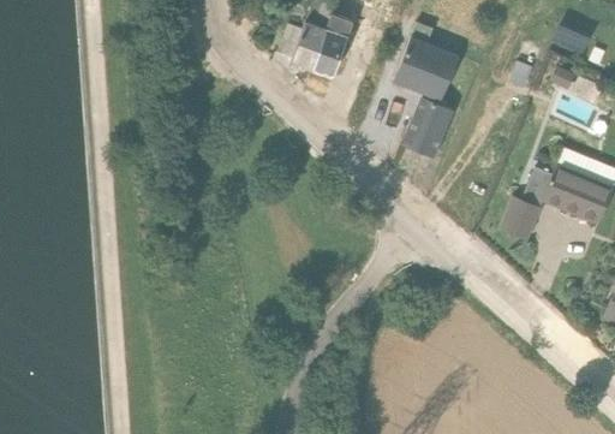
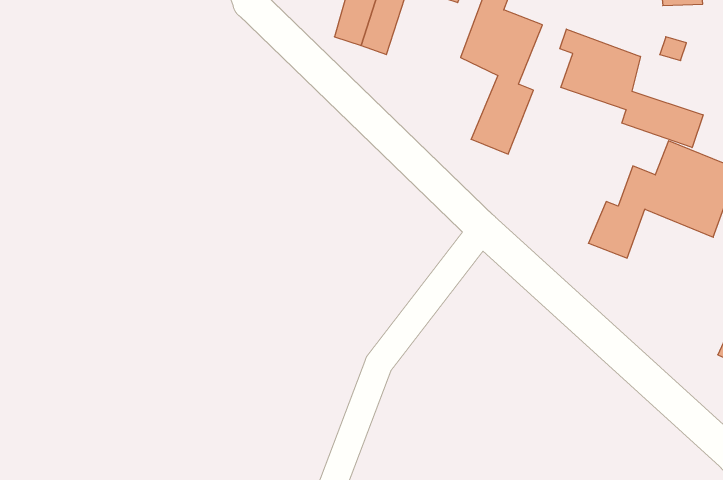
building: none -> [560,29,703,148]

